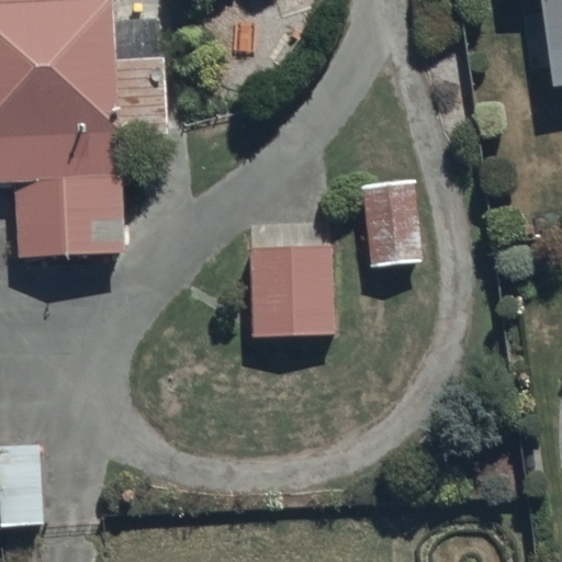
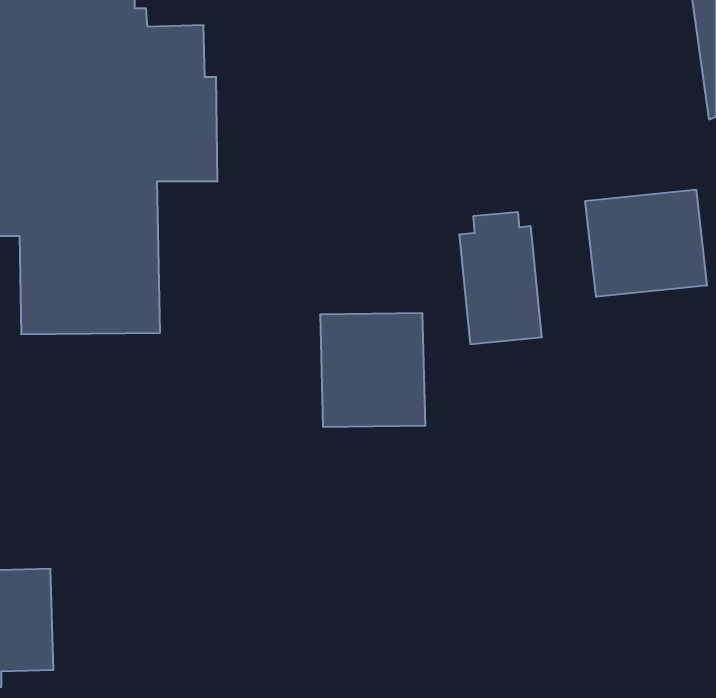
building: none -> [585,190,707,297]

